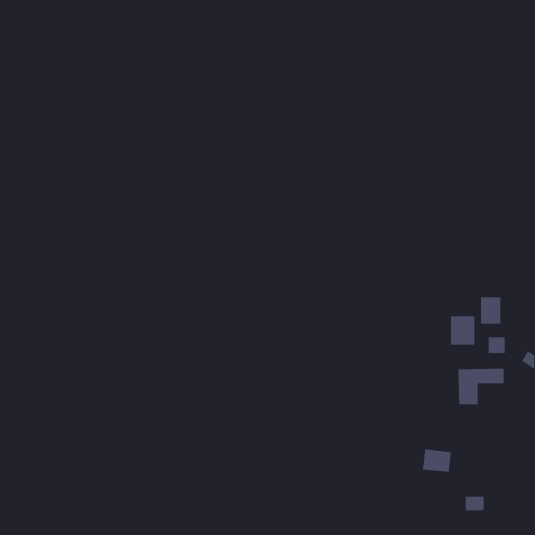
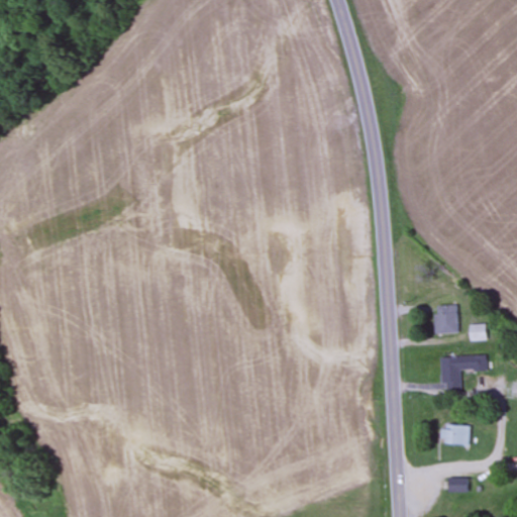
building: [480,297,501,324] -> none
building: [422,449,452,472] -> [441,423,470,445]

